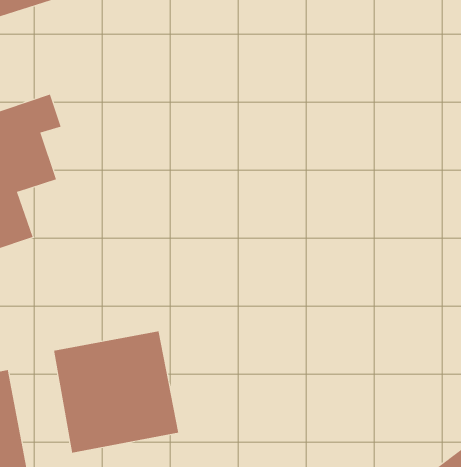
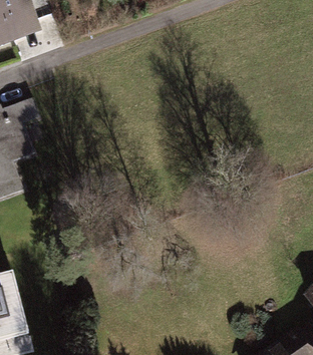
building: [53,331,179,454] -> none

